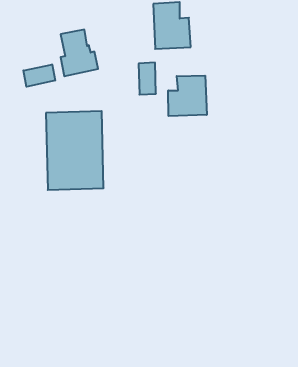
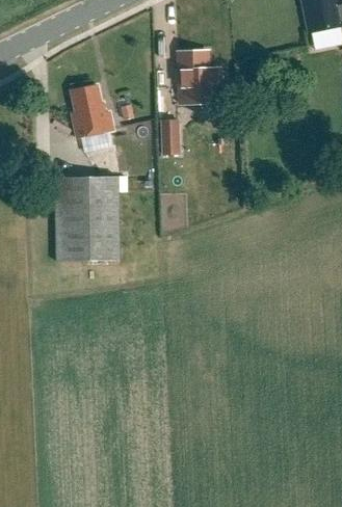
building: [23,64,55,87] -> none
building: [168,76,207,116] -> none

